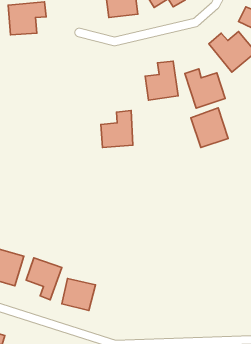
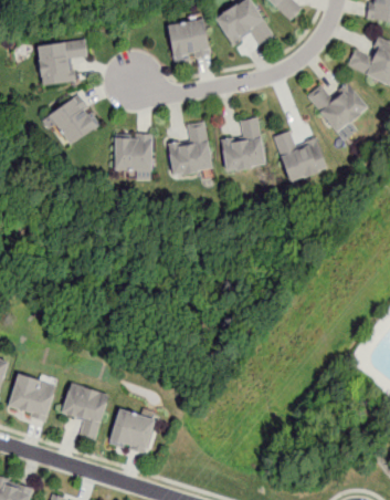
building: none -> [48,95,99,147]
building: none -> [115,136,154,171]
building: [191,108,228,148] -> none
building: [101,110,133,148] -> [166,125,209,175]

